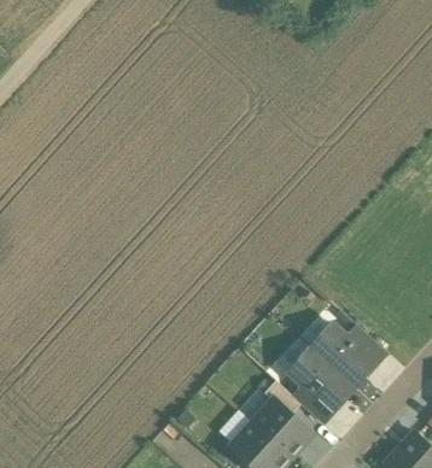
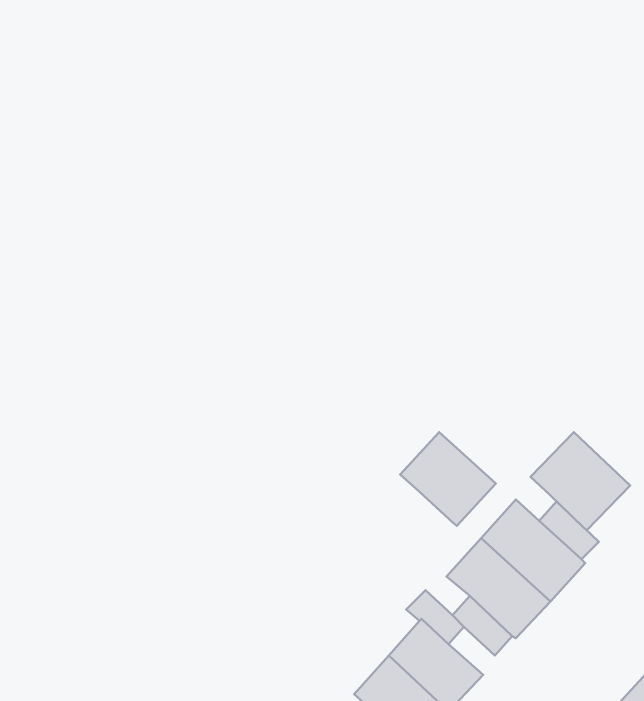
building: none -> [531,432,630,530]
building: none -> [400,432,496,526]

